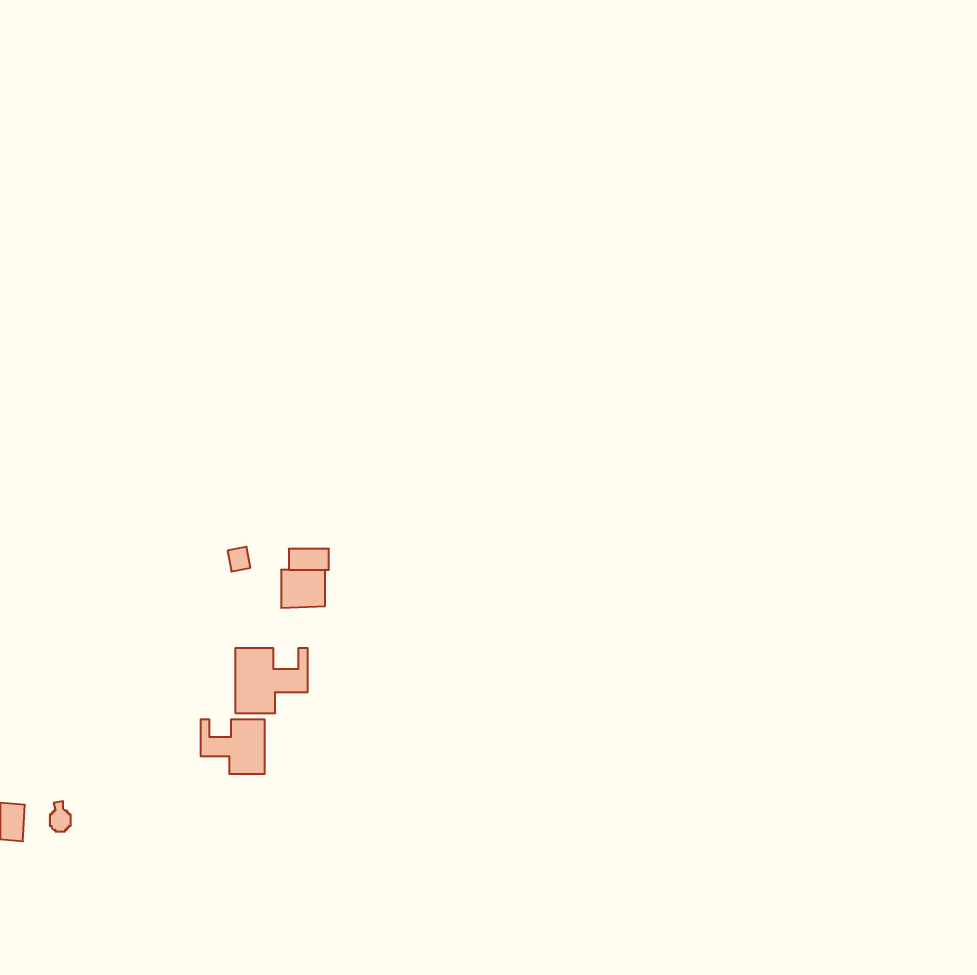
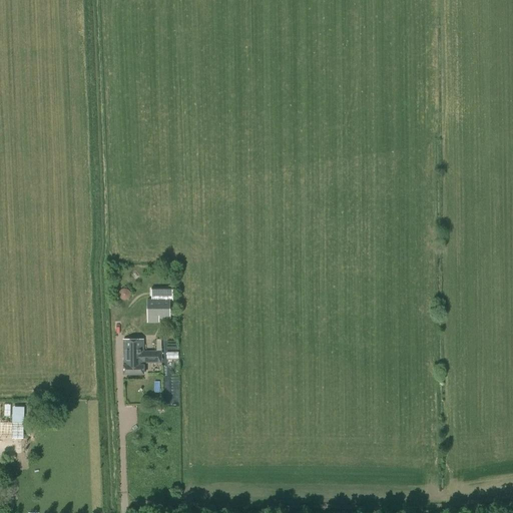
building: [201,719,265,774] -> none

